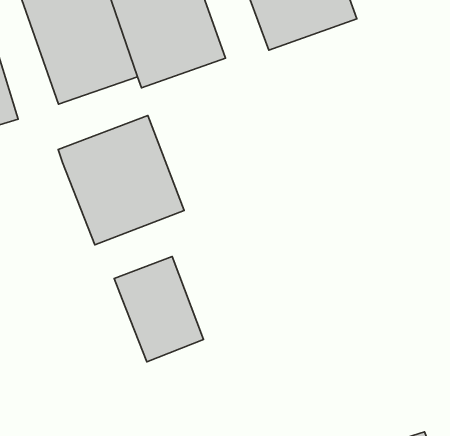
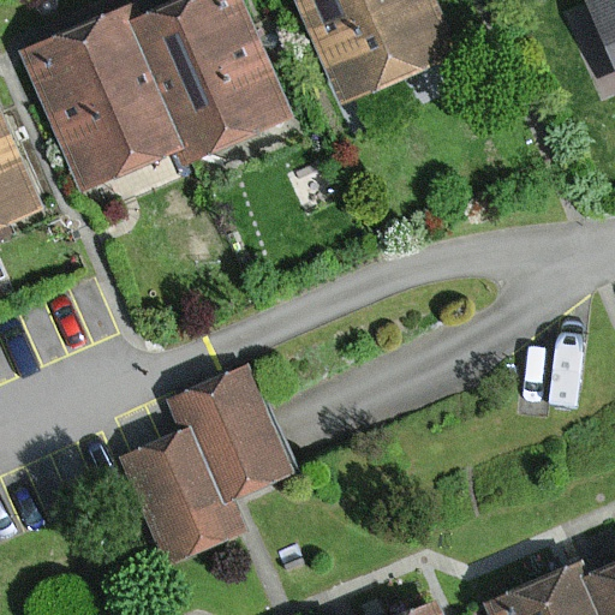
building: [58,116,184,245] -> none
building: none -> [120,428,234,563]

